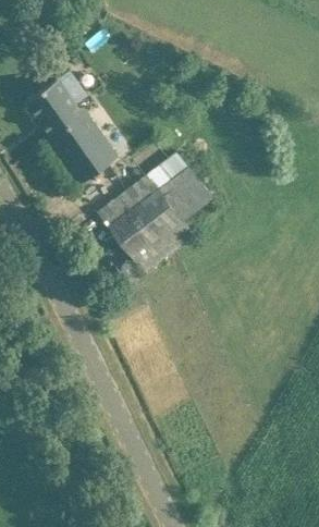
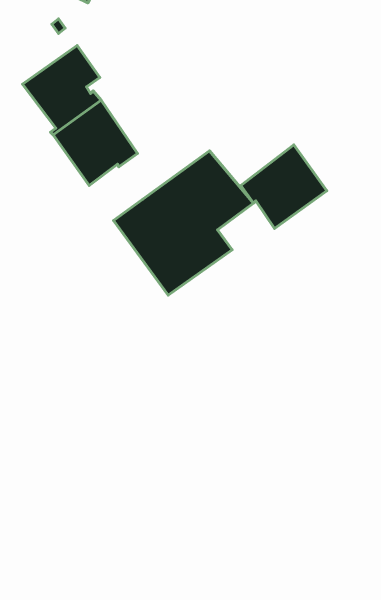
building: none -> [241,145,327,229]

